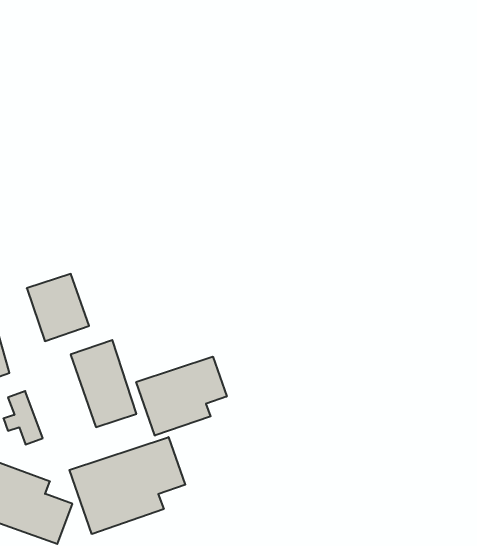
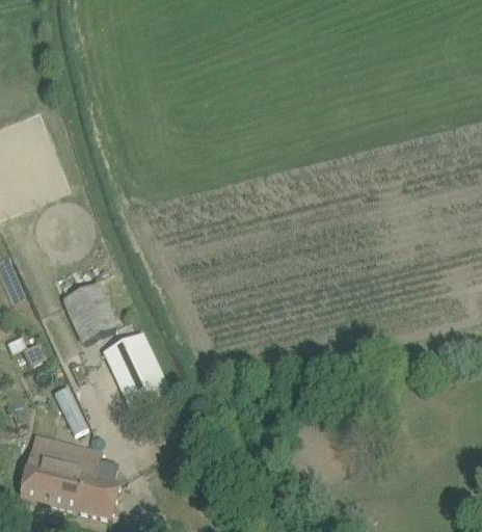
building: [136,357,227,436] -> none
building: [69,437,185,534] -> none

